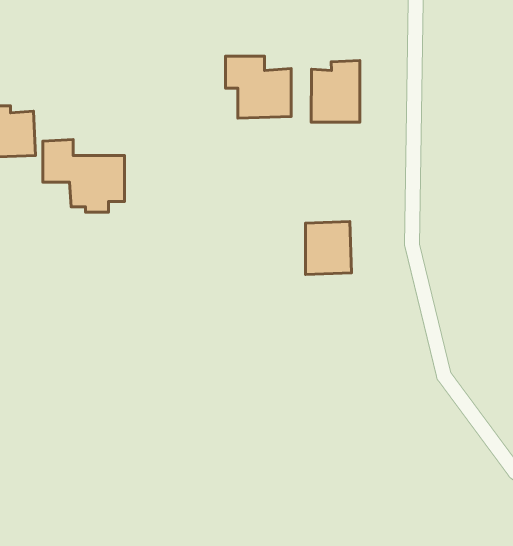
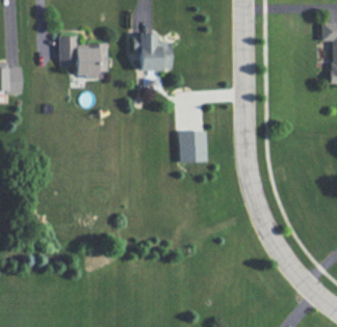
building: [311,61,360,122] -> none
building: [43,139,125,212] -> [60,35,108,78]

